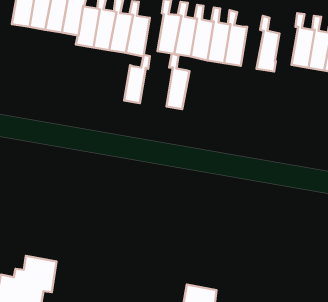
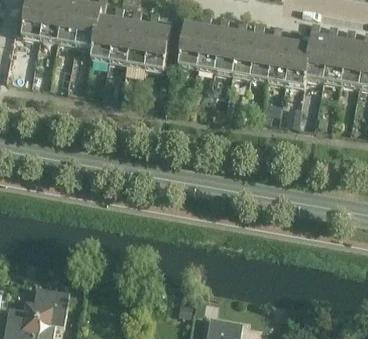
building: none -> [305,22,330,81]
building: [166,54,190,109] -> [268,25,293,85]
building: [124,55,150,103] -> none

